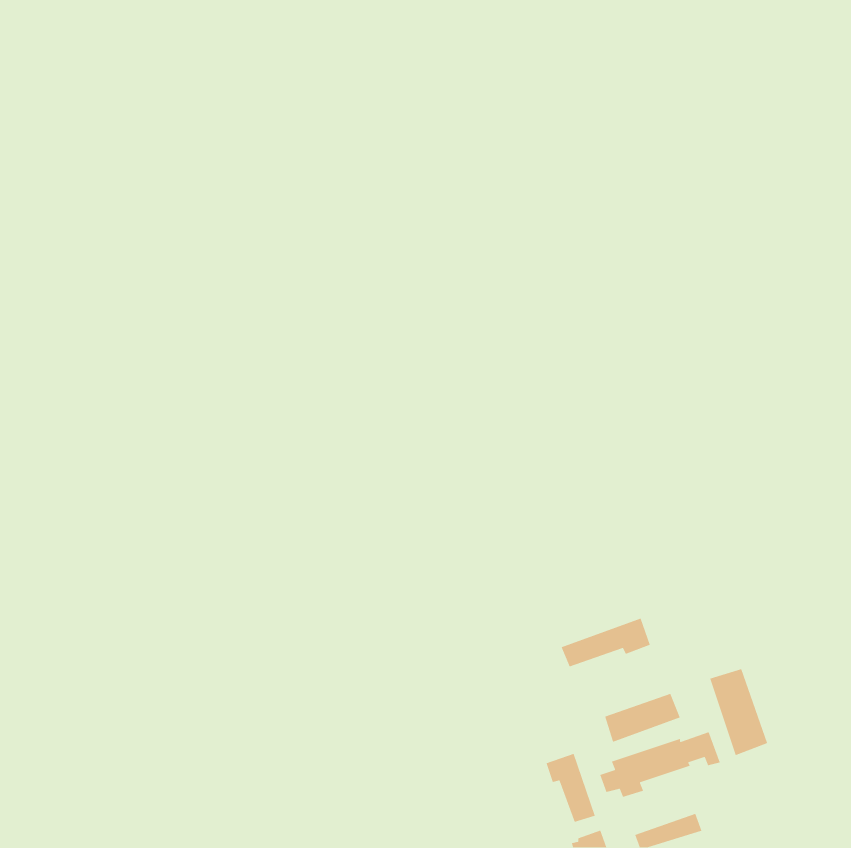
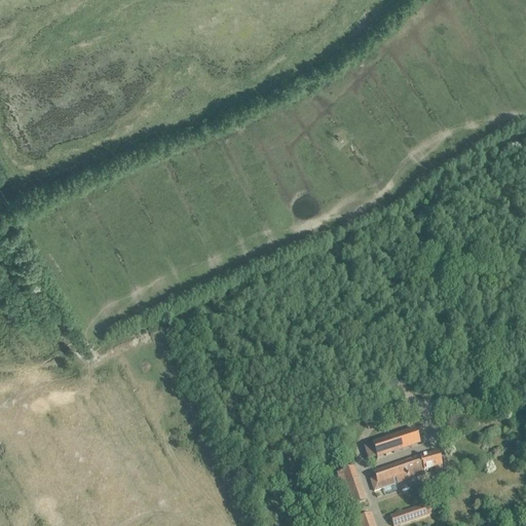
building: [561,617,651,668] -> none
building: [709,668,768,756] -> none

